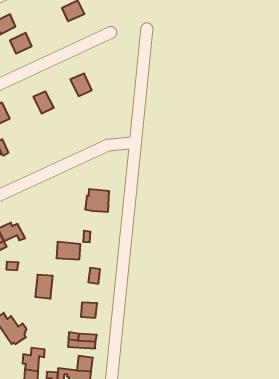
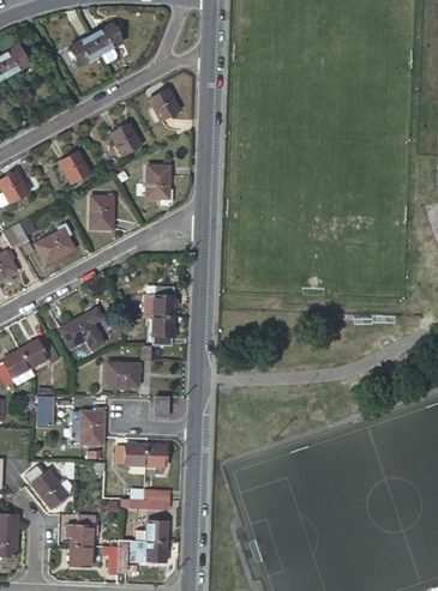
building: [10,33,32,54] -> [70,34,101,64]
building: none -> [149,88,179,120]
building: none -> [144,165,172,198]
building: none -> [89,197,112,230]
building: none -> [35,229,73,265]
building: none -> [59,312,103,349]
building: none -> [151,315,174,344]
building: none -> [116,444,145,465]

